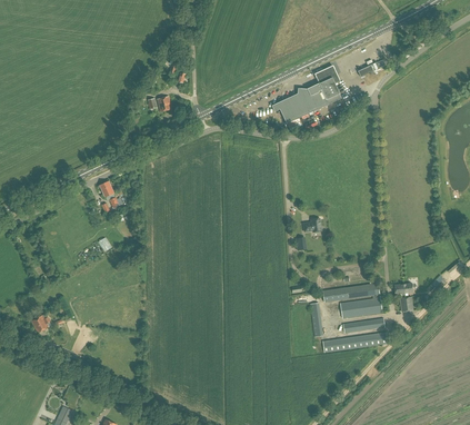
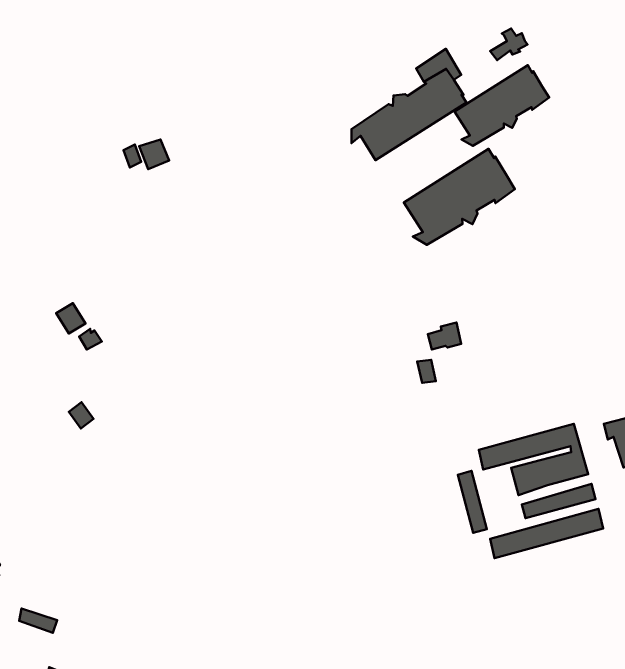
building: none -> [455,65,549,146]
building: none -> [404,149,515,245]

